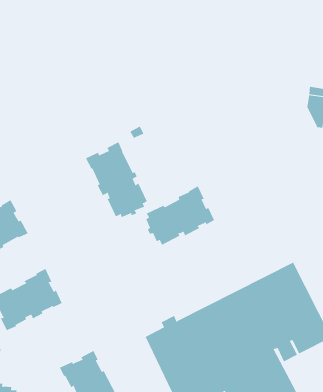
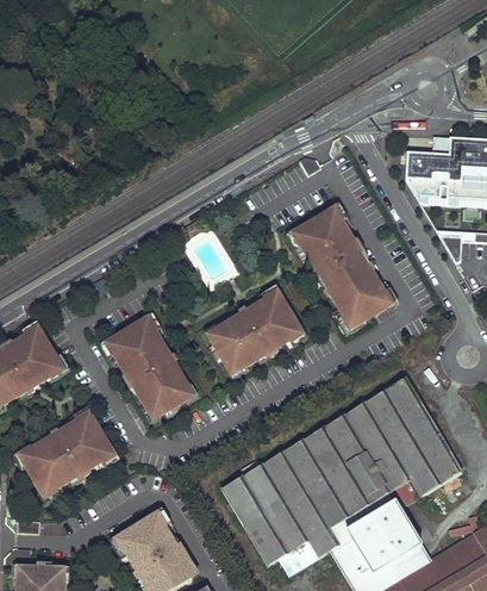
building: none -> [291,207,391,326]
building: [85,141,147,218] -> [105,317,189,415]

